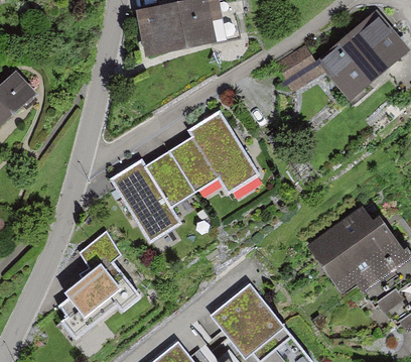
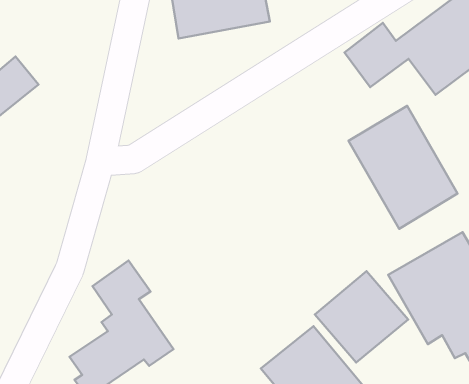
building: [113,109,259,242] -> none
building: none -> [349,106,458,229]
building: none -> [315,271,408,362]

